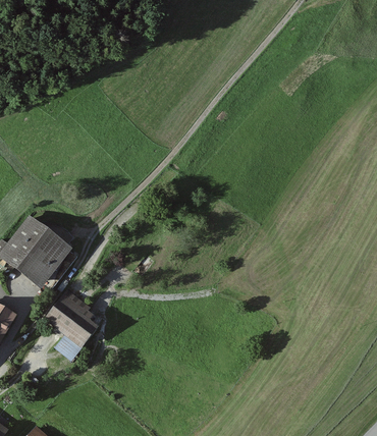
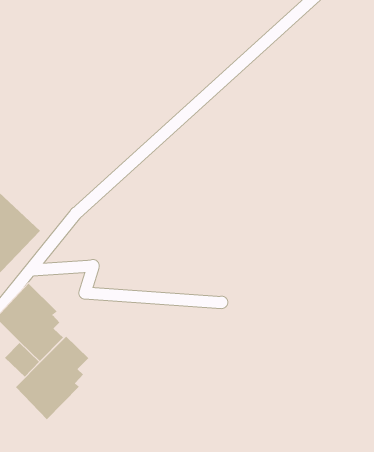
building: none -> [15,336,89,420]

